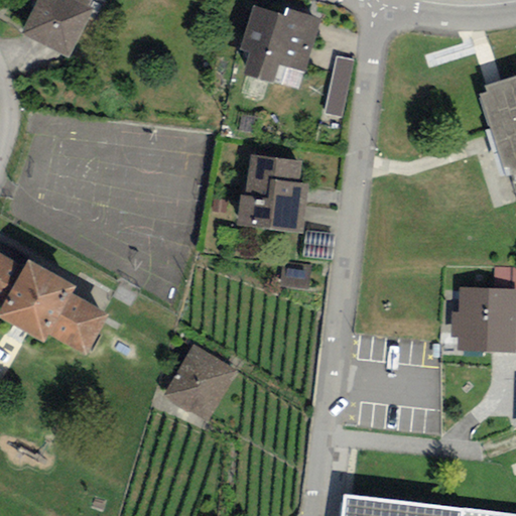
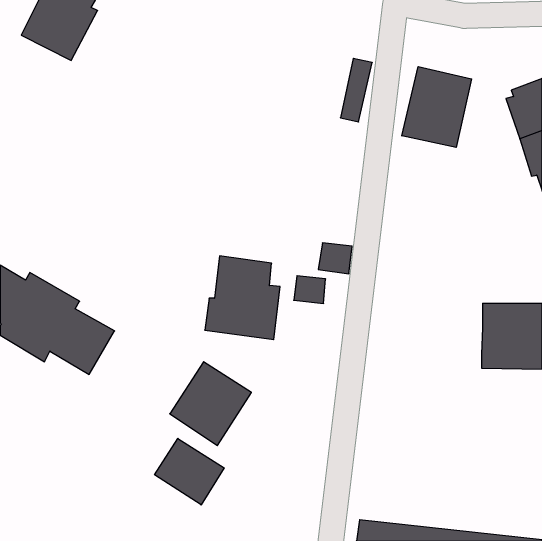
building: [240,4,319,83] -> none
building: none -> [402,67,472,147]
building: [236,154,307,234] -> [205,256,280,340]
building: none -> [155,438,224,505]

